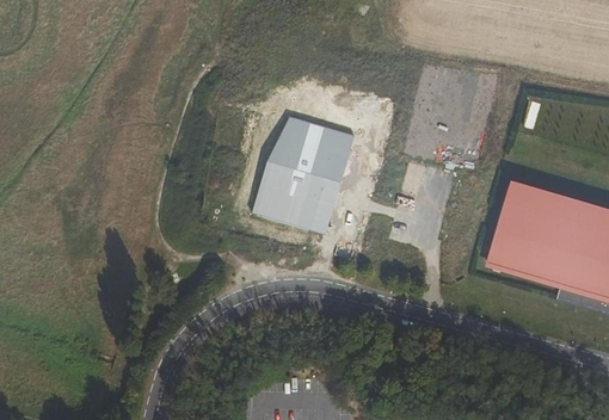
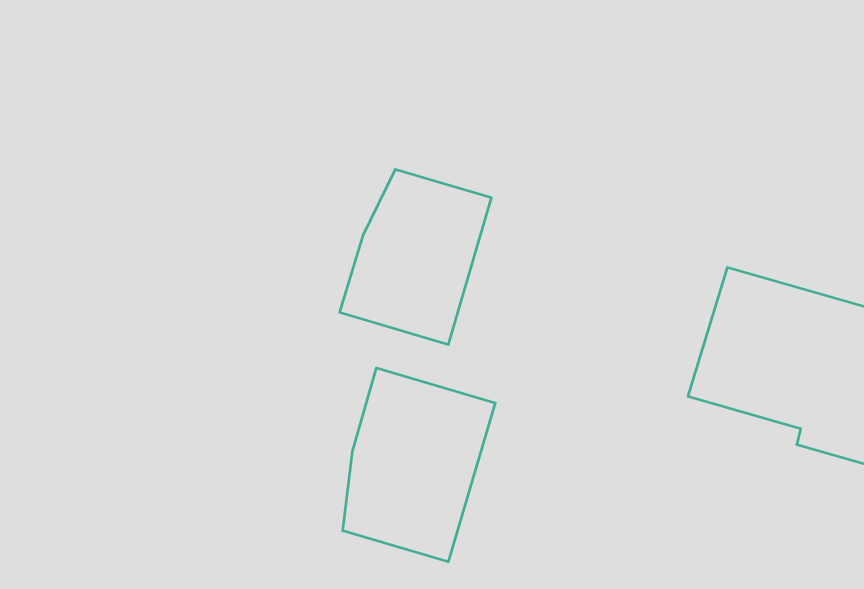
building: none -> [343,368,495,562]

